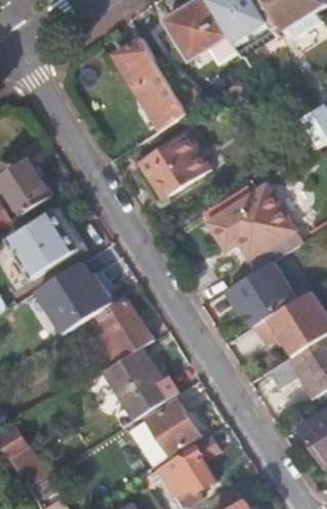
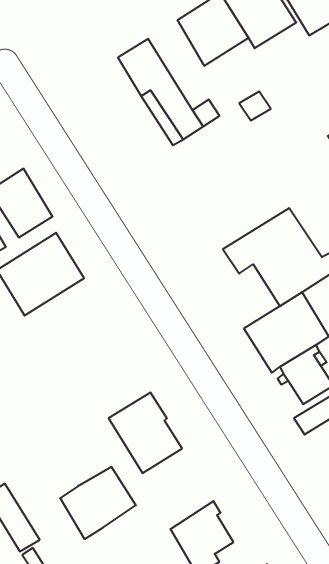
building: [137,130,209,194] -> none
building: [33,259,112,335] -> none
building: [96,300,151,357] -> none
building: [131,400,198,464] -> [60,467,136,539]

